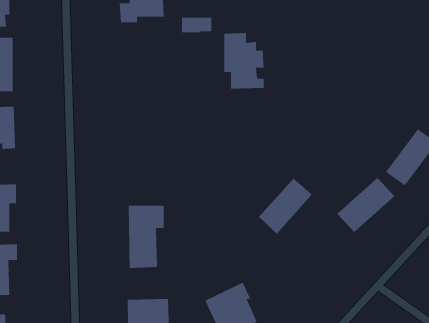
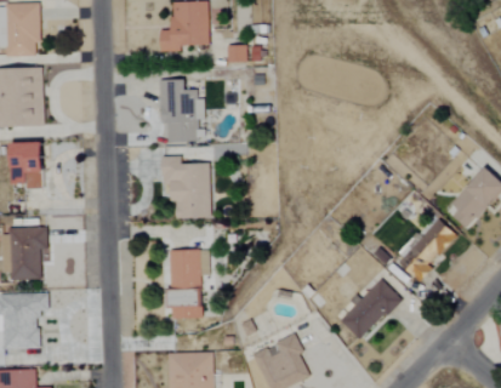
building: [224,33,265,89] -> [160,79,205,141]
building: none -> [163,156,210,218]
building: [258,178,312,234] -> [341,279,400,341]

